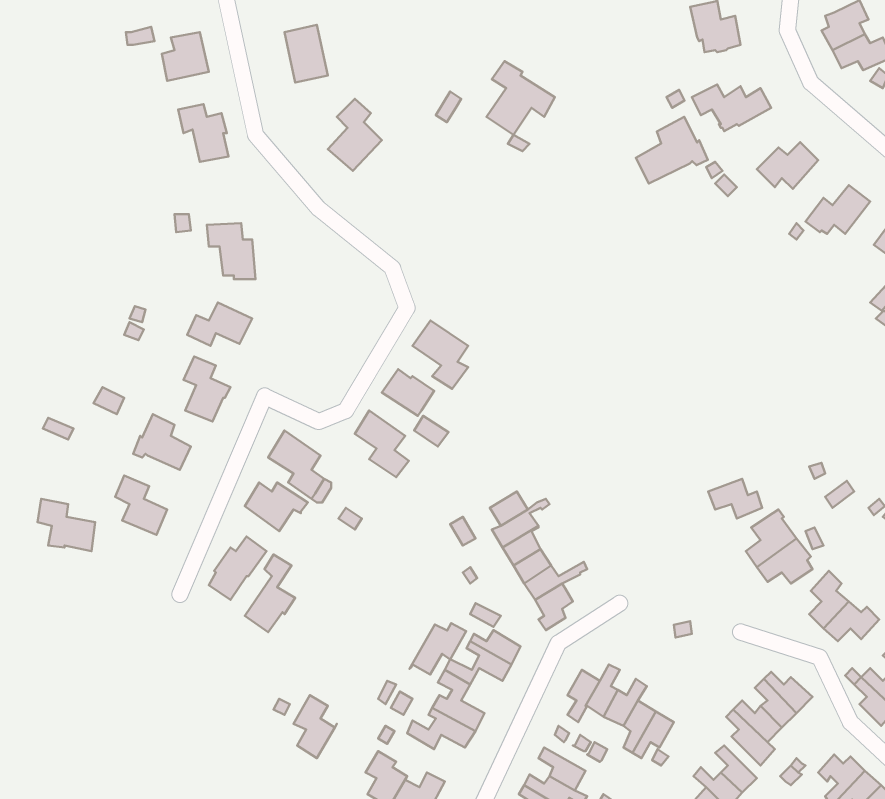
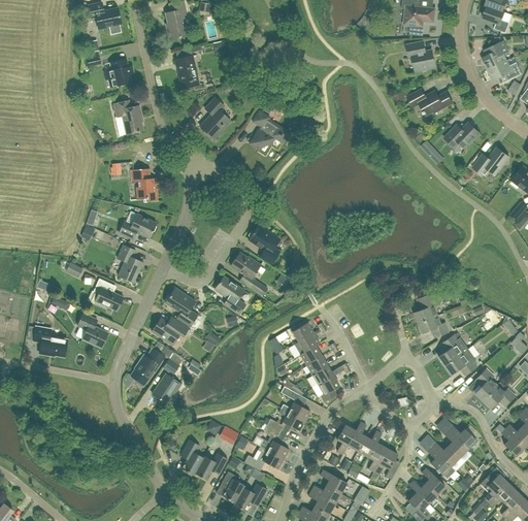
building: [486,61,555,135] -> [249,110,288,153]
building: [636,117,708,183] -> none
building: none -> [412,292,438,322]
building: [410,623,466,674] -> none
building: none -> [193,452,227,480]

